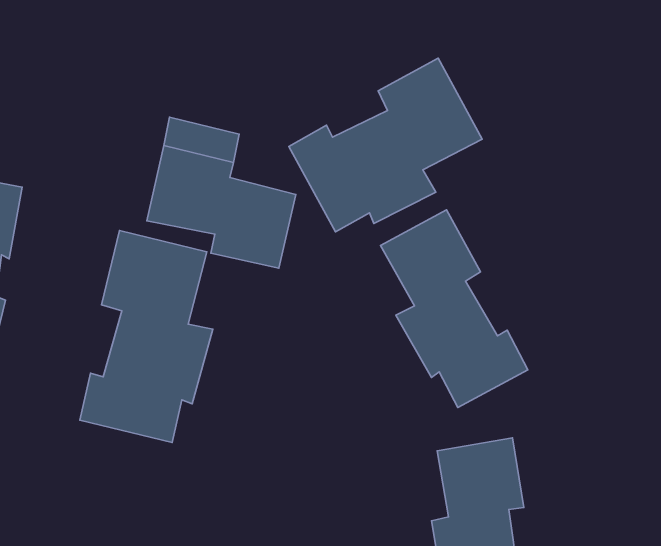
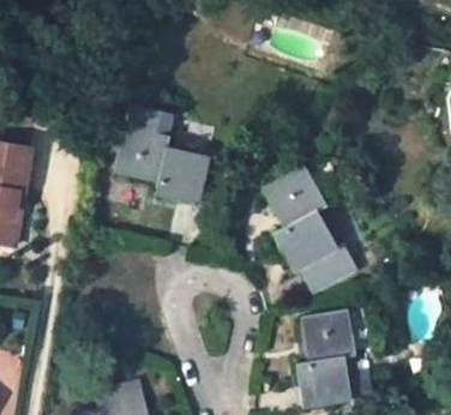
building: [289,58,482,232] -> none
building: [80,231,213,442] -> none

